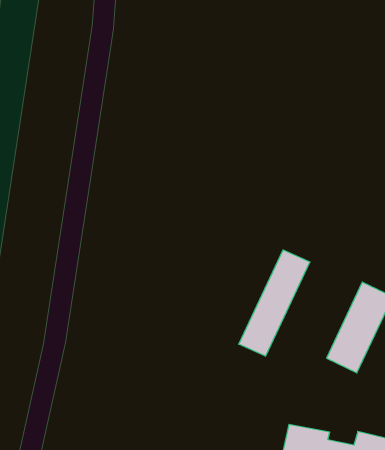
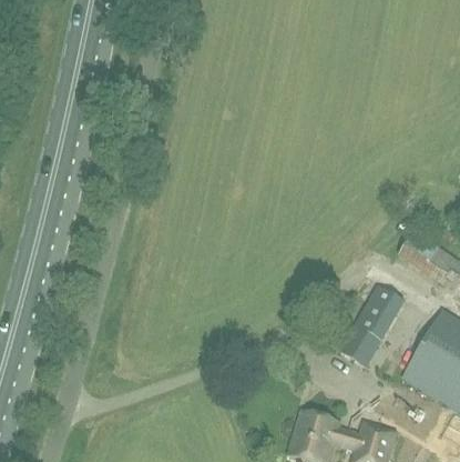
building: [239,250,310,356] -> none

